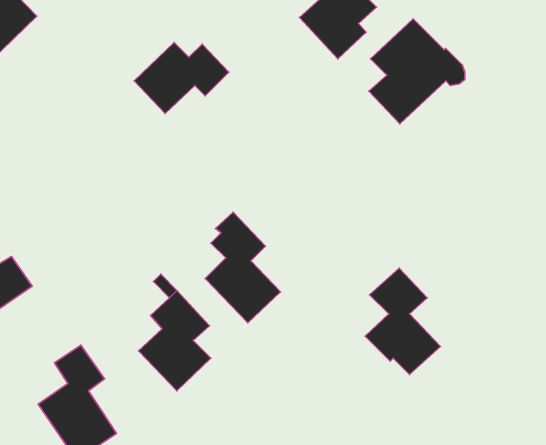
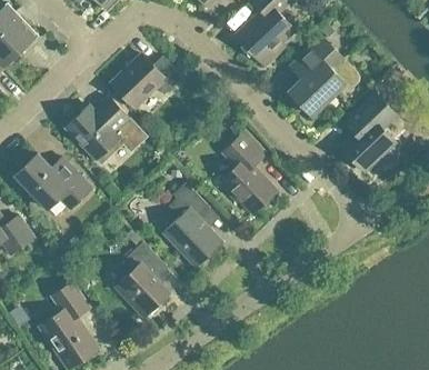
building: none -> [341,93,397,170]
building: none -> [66,97,147,164]
building: none -> [16,153,92,209]
building: [365,268,440,374] -> [219,132,276,212]

